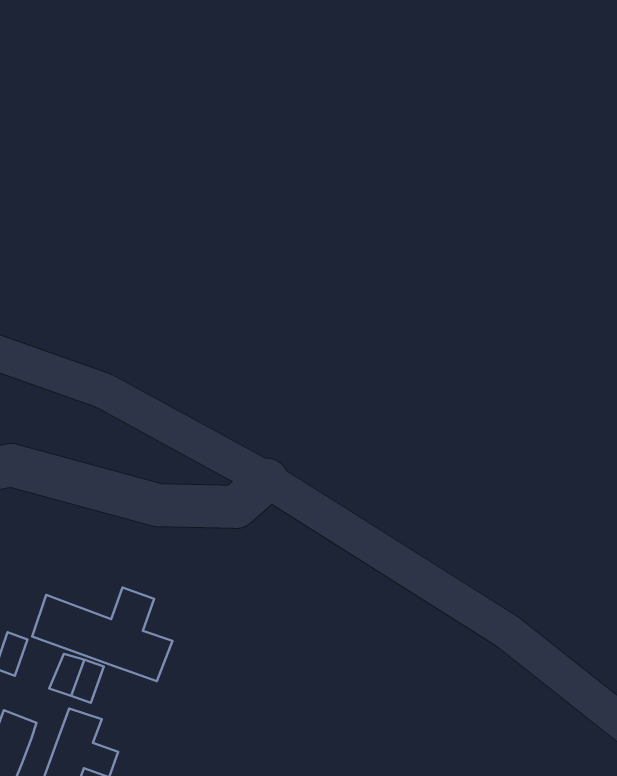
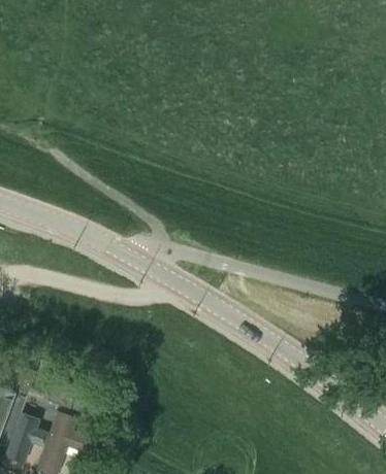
building: [32,587,173,681] -> none

